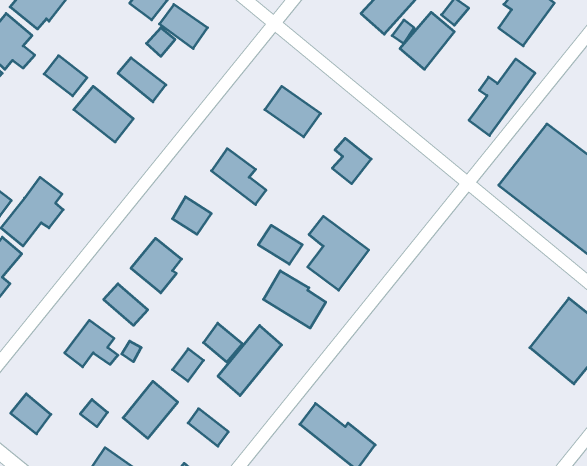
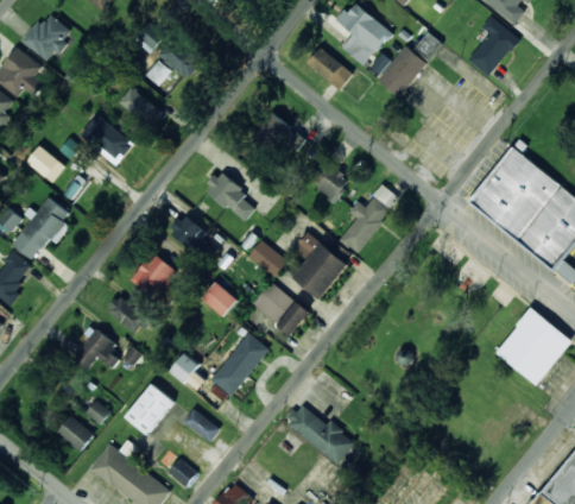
building: none -> [308,46,352,90]
building: [44,56,87,96] -> [26,145,65,182]
building: [469,59,535,136] -> [339,183,399,253]
building: [203,323,242,362] -> [202,281,238,316]
building: [11,394,51,434] -> [56,415,93,452]

